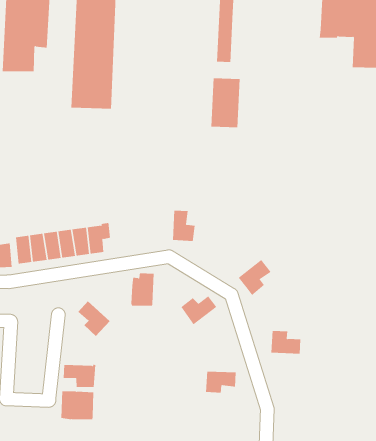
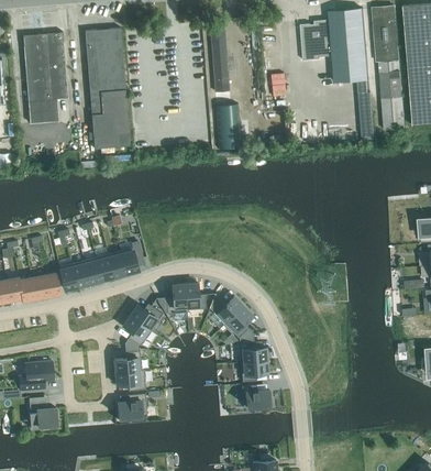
building: [172,210,195,242] -> [185,283,206,310]
building: [238,259,271,296] -> [224,306,253,339]
building: none -> [130,305,163,330]
building: [270,330,301,354] -> [240,342,267,363]
building: none -> [114,351,141,373]
building: none -> [242,385,270,410]

